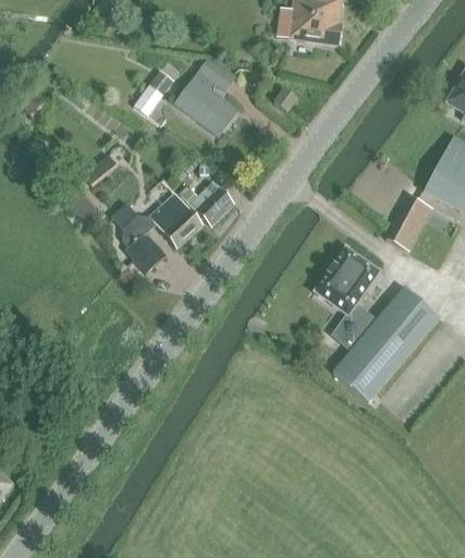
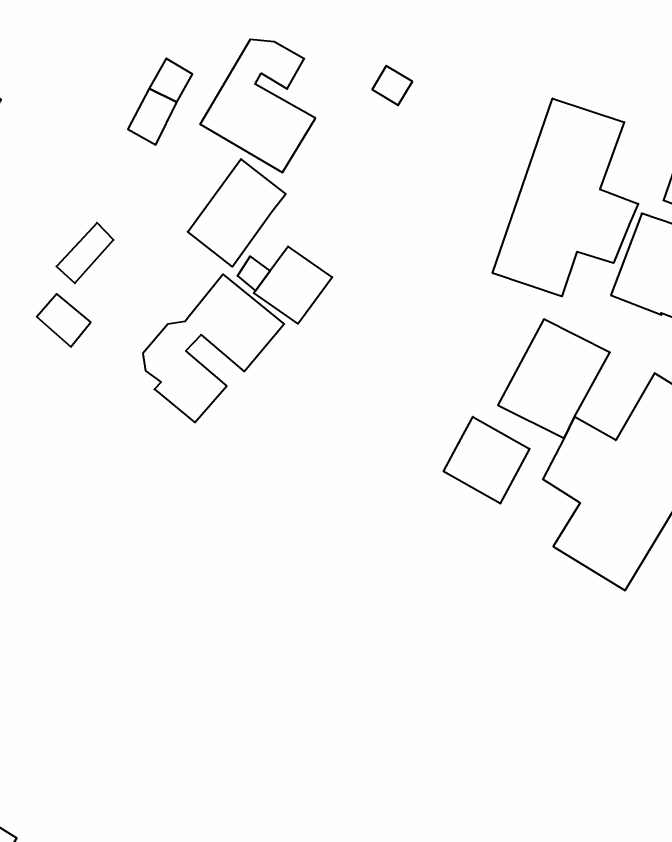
building: none -> [493,98,638,296]
building: none -> [188,159,286,267]
building: none -> [444,417,530,504]

